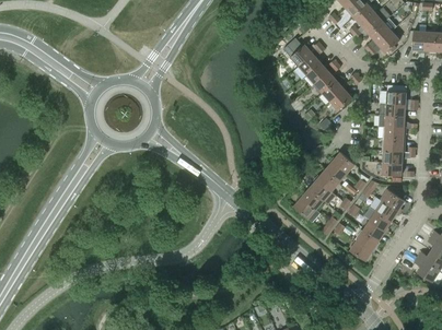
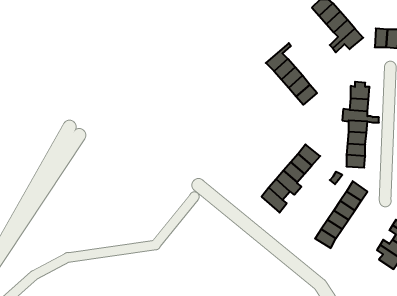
building: [283,37,323,67] -> none

